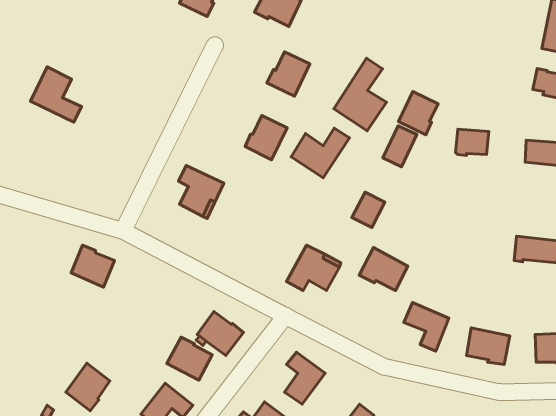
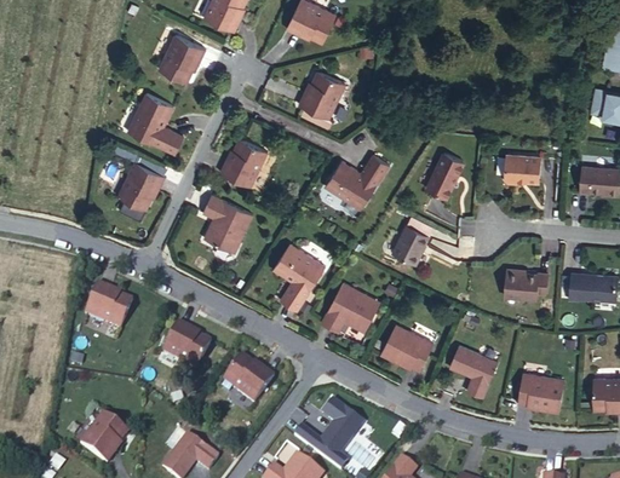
building: none -> [159,34,206,82]
building: [334,58,387,131] -> none
building: [31,67,81,122] -> [128,92,184,152]
building: [398,92,438,135] -> none
building: [245,116,287,160] -> [220,138,266,186]
building: none -> [117,160,165,208]
building: none -> [274,242,326,310]
building: none -> [505,269,547,299]
building: [359,248,408,291] -> [380,323,434,370]
building: [167,337,212,380] -> [161,322,211,369]

